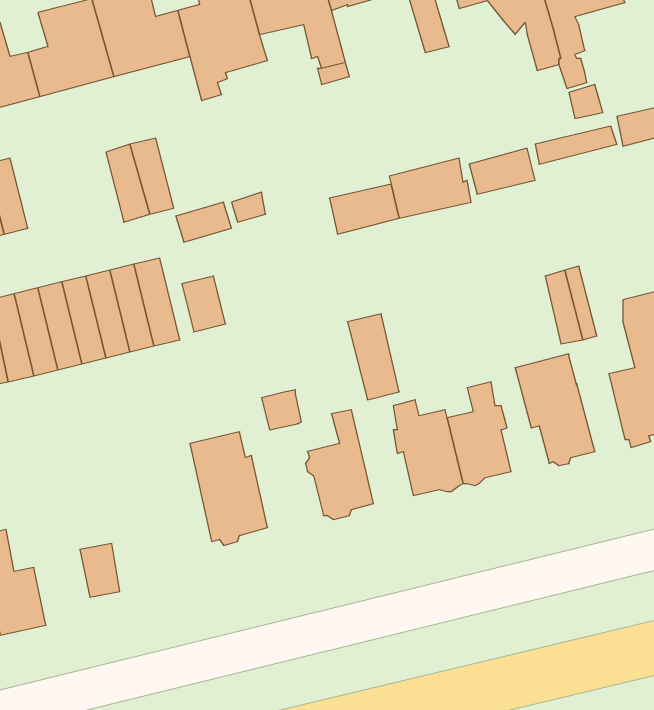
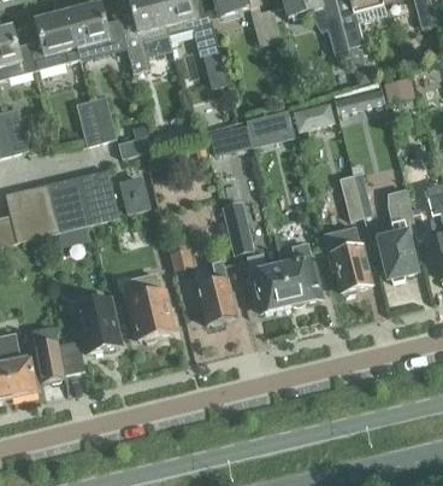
building: none -> [76,297,120,352]
building: none -> [33,326,65,380]

